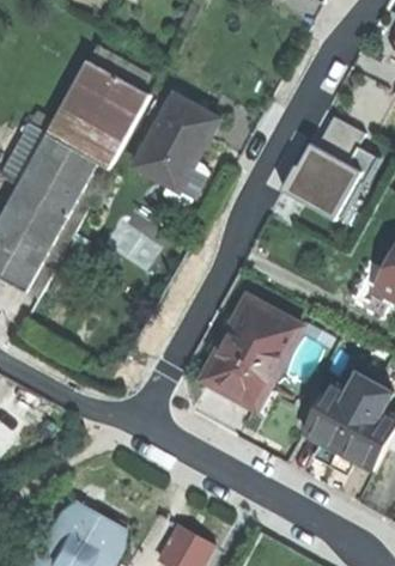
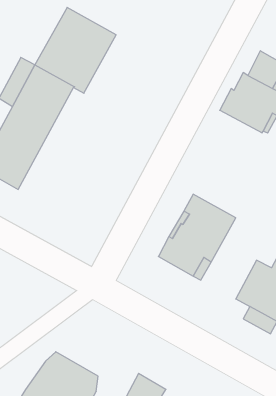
building: [139,96,224,209] -> none

